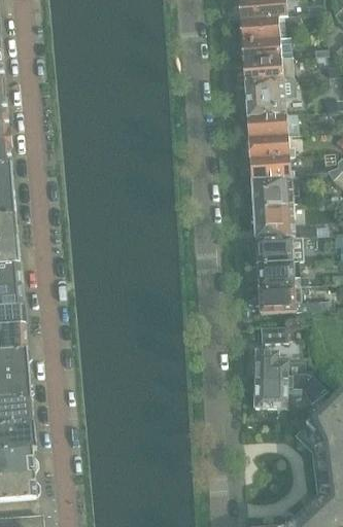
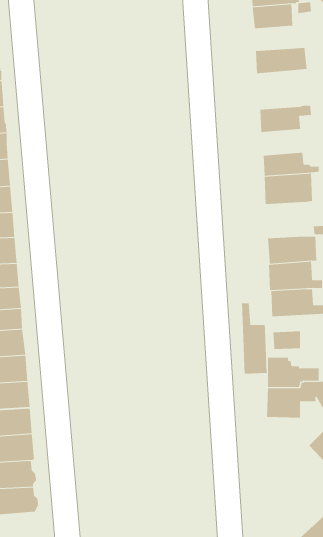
building: [242,36,290,61] -> none
building: [244,78,294,116] -> none
building: [245,135,294,160] -> none
building: [252,204,293,238] -> none
building: none -> [241,303,267,375]

